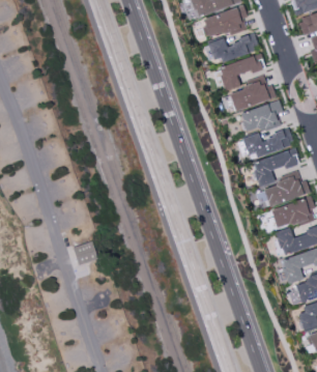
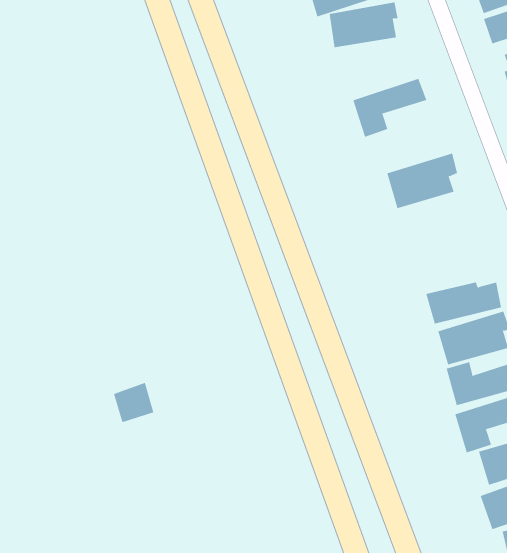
building: [207,32,260,65] -> none
building: [229,82,276,111] -> none
building: [242,130,293,159] -> none
building: [252,150,300,185] -> none

